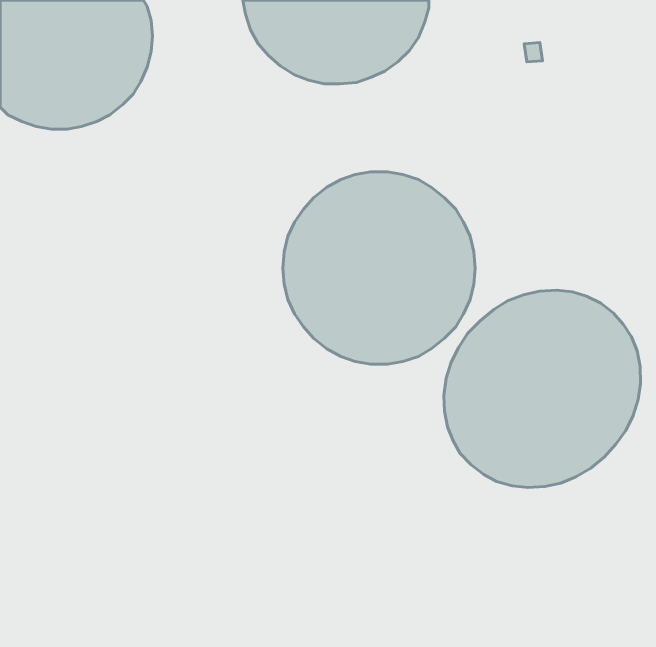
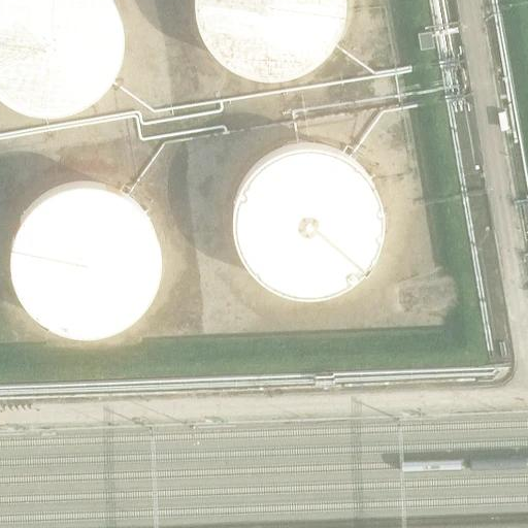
building: none -> [11,187,161,335]
building: [444,290,640,488] -> none

